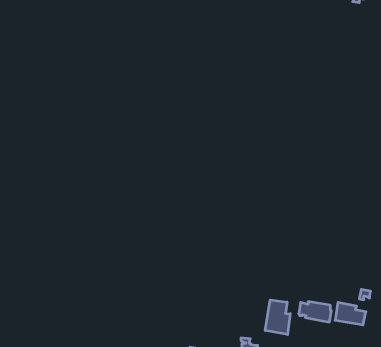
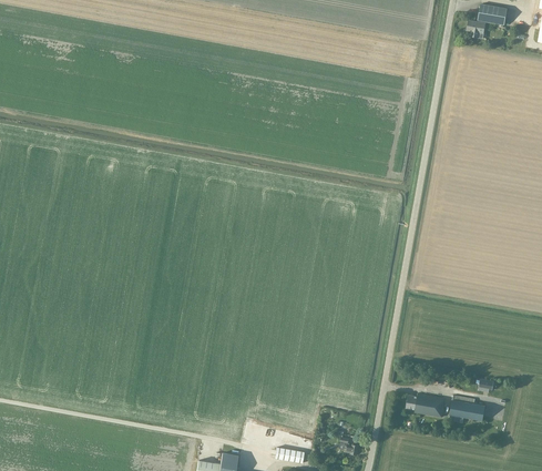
building: [265,300,290,335] -> none

